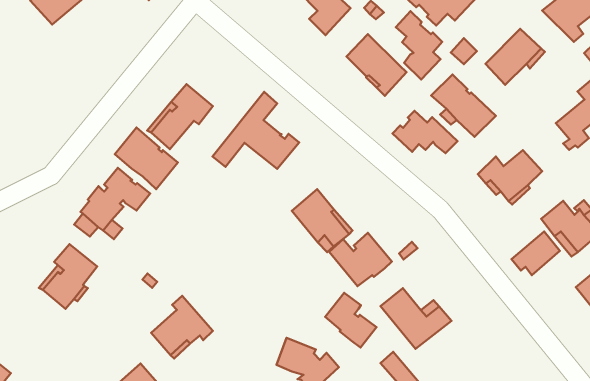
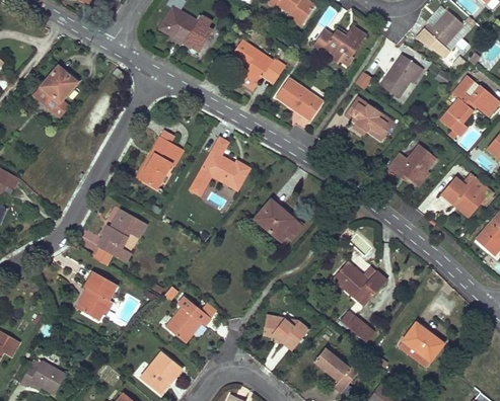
building: [396,11,442,79] -> none
building: [393,111,458,153] -> none
building: [115,127,178,189] -> none
building: [512,231,560,275] -> none
building: [329,233,392,286] -> none
building: [325,293,376,348] -> none

